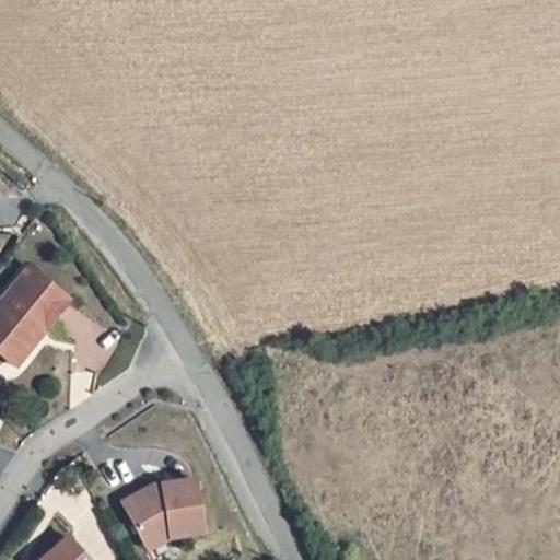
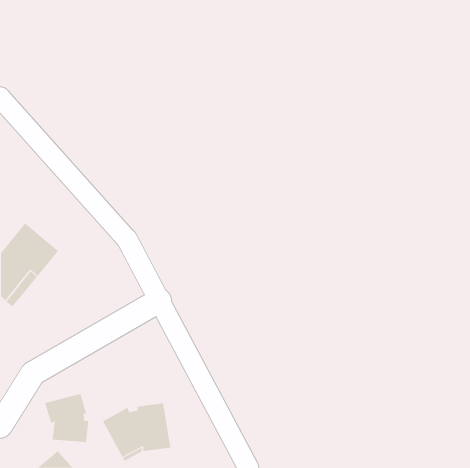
building: none -> [44,393,89,443]

